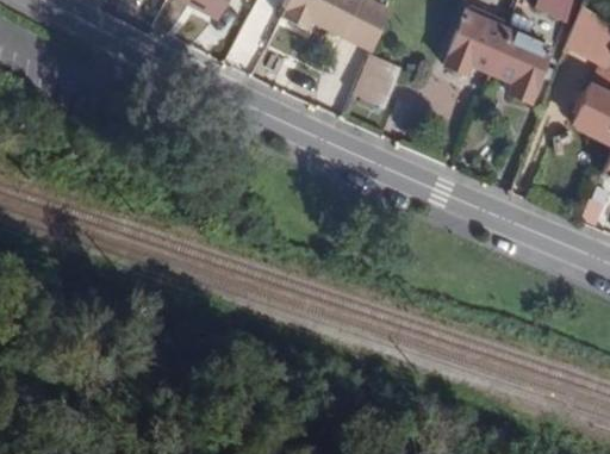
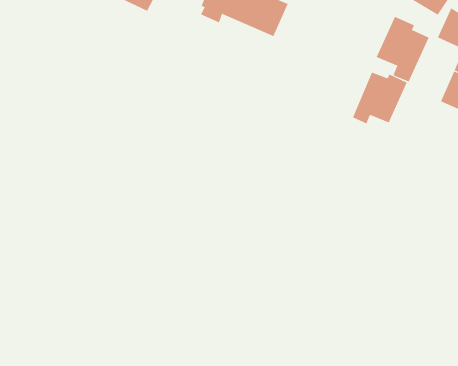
building: [448,11,516,75] -> [352,72,408,124]
building: [351,55,402,110] -> none

